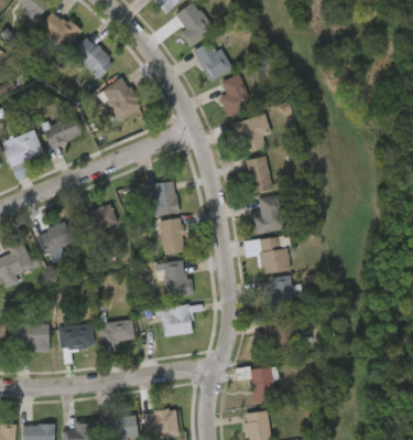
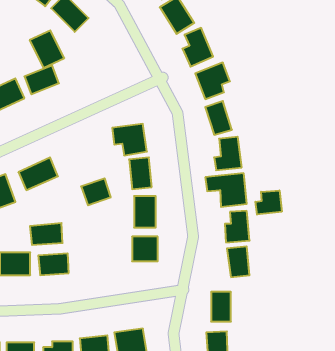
building: [101,77,140,119] -> [30,30,64,68]
building: [84,203,117,233] -> [81,178,111,205]
building: none -> [255,190,282,215]
building: [97,320,133,344] -> [30,223,63,245]

